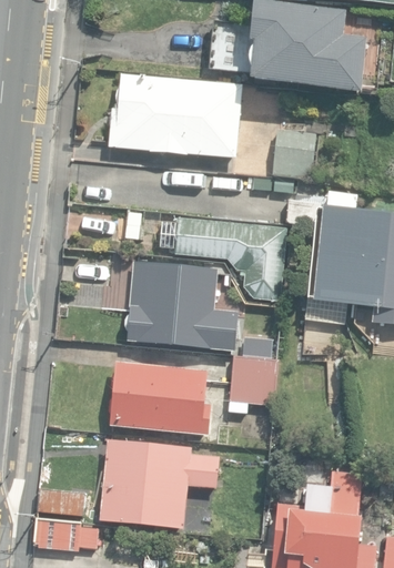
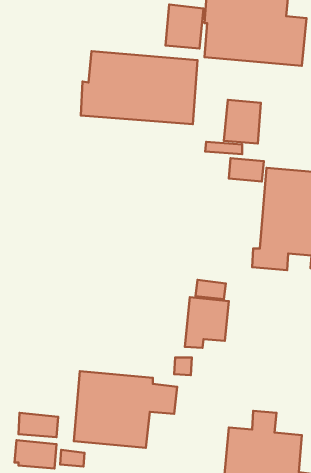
building: [158,216,285,300] -> none
building: [125,258,238,351] -> none
building: [107,361,211,434] -> none

